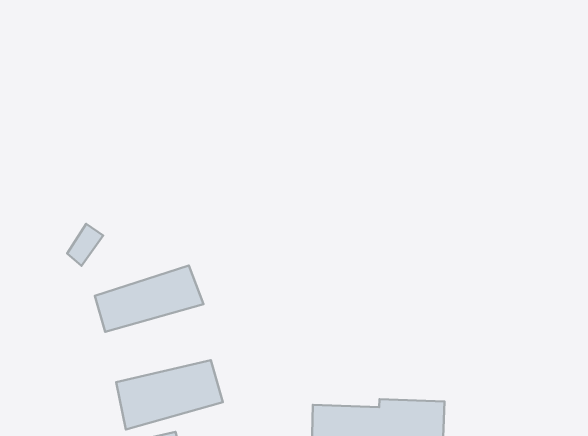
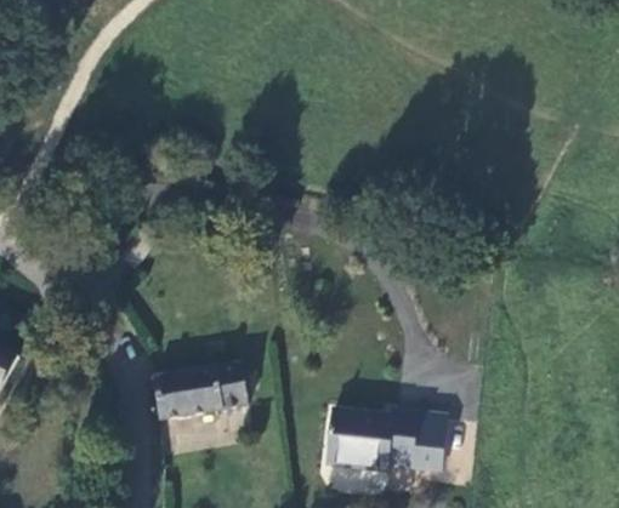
building: [95,265,203,332] -> none

